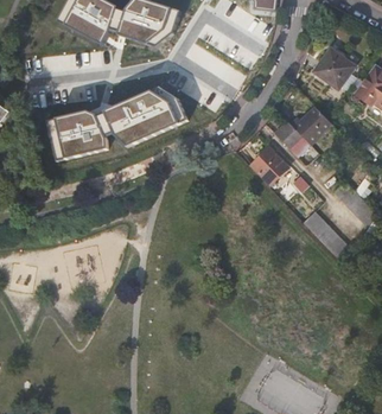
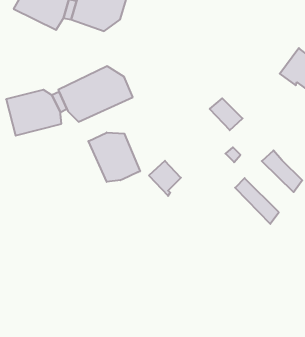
building: [313,46,352,88] -> none
building: [289,104,331,142] -> none
building: [250,146,286,185] -> [149,161,181,196]
building: none -> [88,132,140,182]

